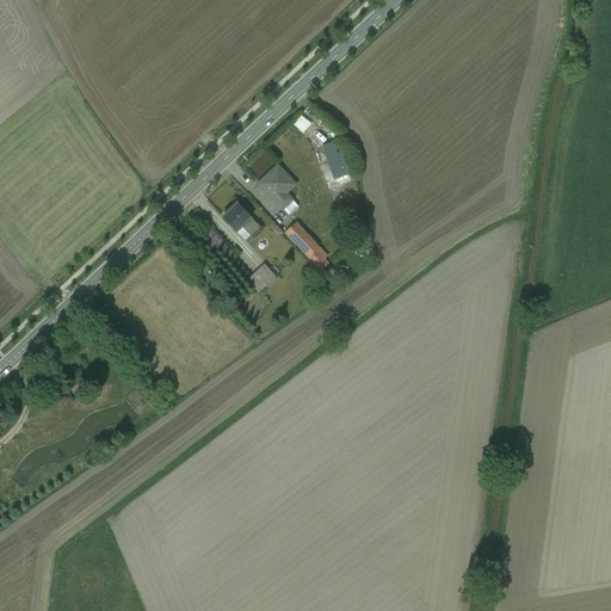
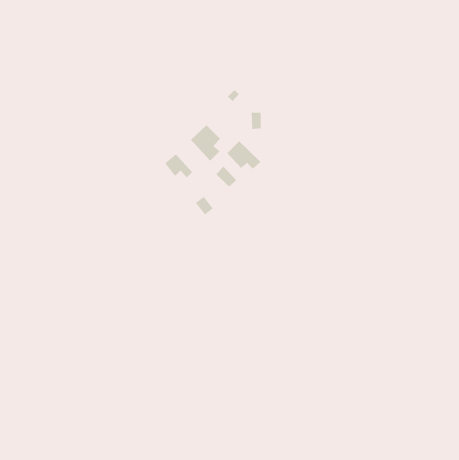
building: none -> [226,140,261,170]

